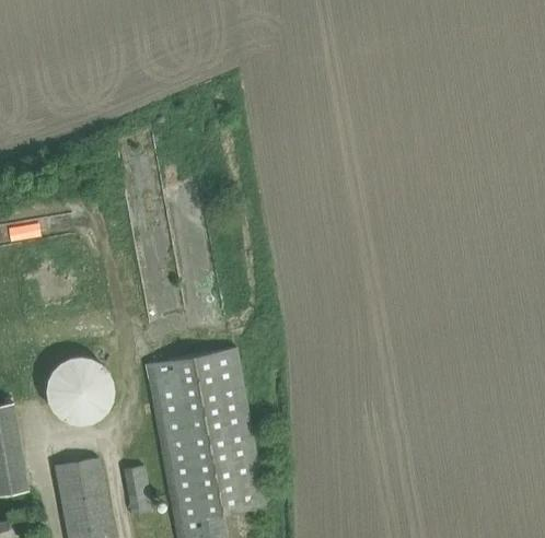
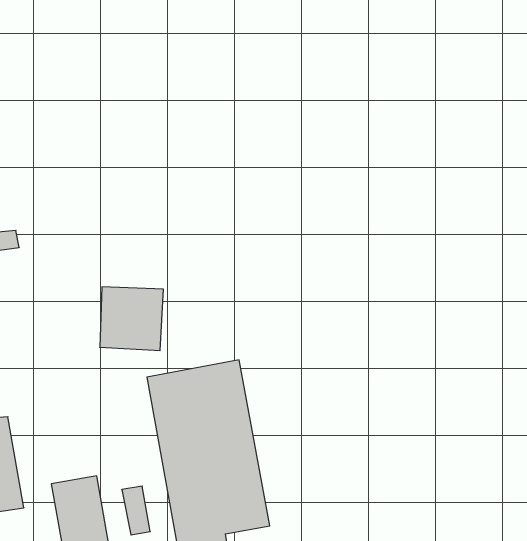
building: [54,359,115,420] -> [100,287,163,351]

